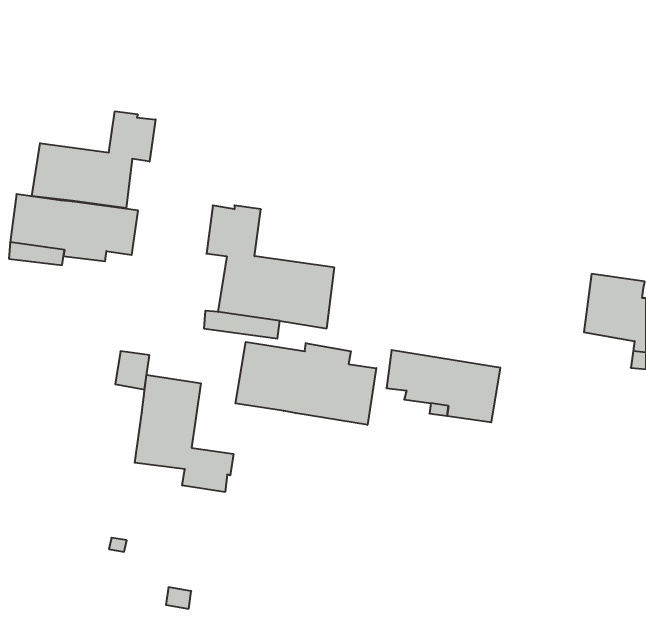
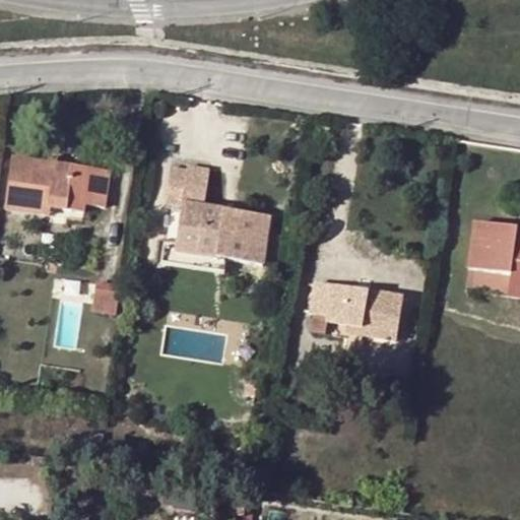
building: [32,111,156,208] -> none
building: [235,342,376,425] -> none
building: [135,375,233,492] -> none

